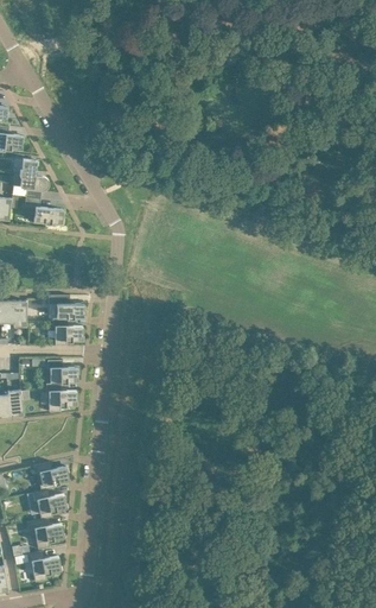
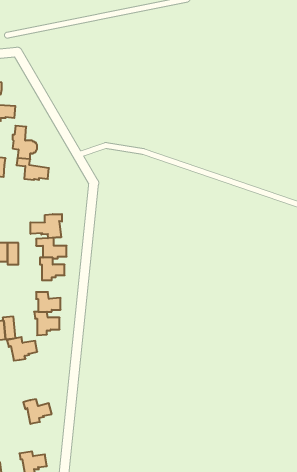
building: none -> [30,214,62,238]
building: [31,461,68,489] -> [7,337,37,361]
building: [26,517,63,549] -> none

